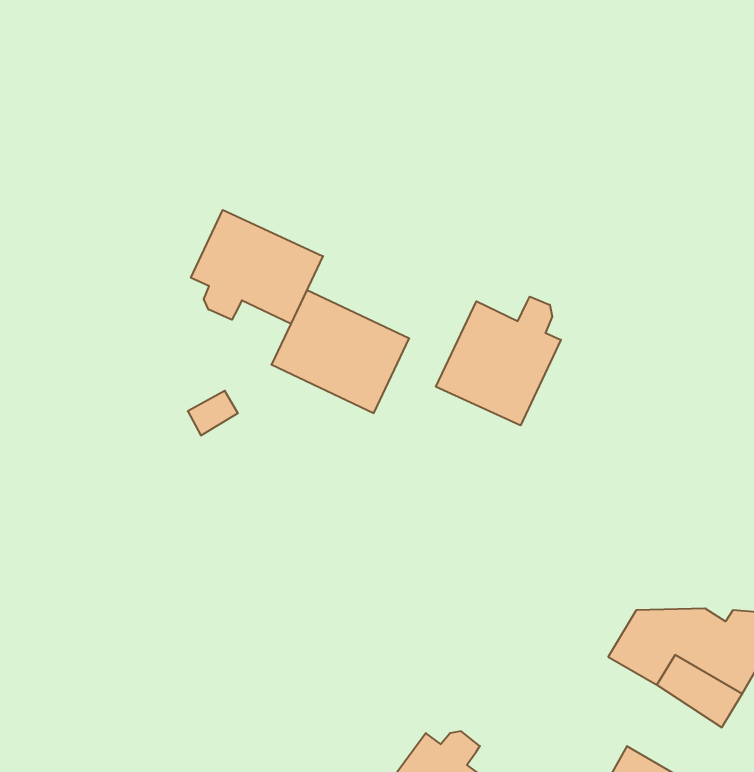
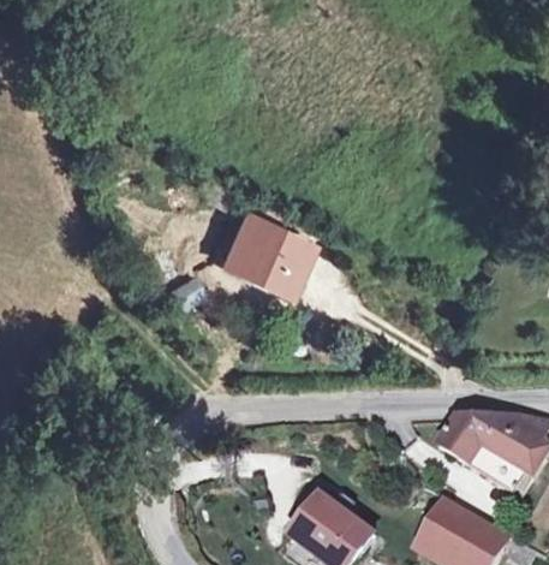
building: [191,210,323,324] -> none
building: [436,297,561,425] -> none

